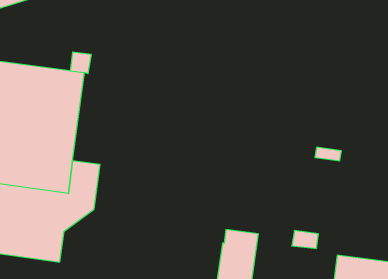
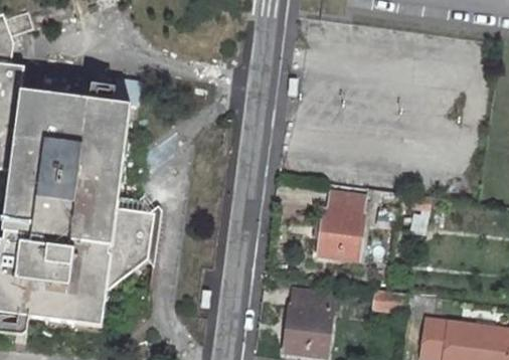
building: none -> [317,189,365,258]

